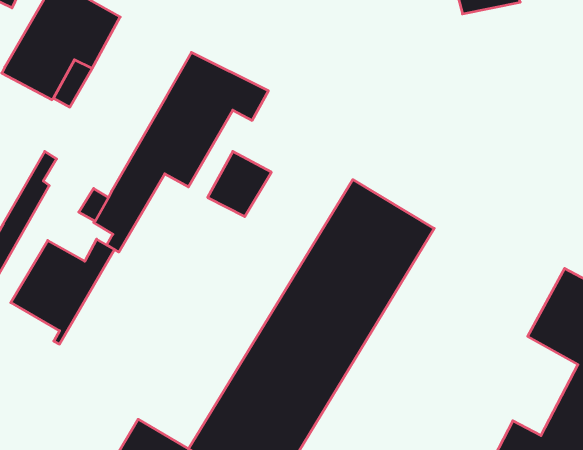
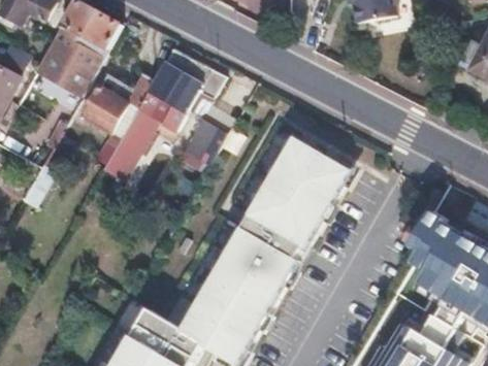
building: [11,239,114,344] -> [83,75,155,148]

